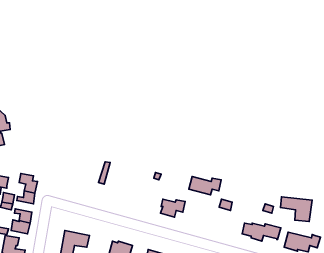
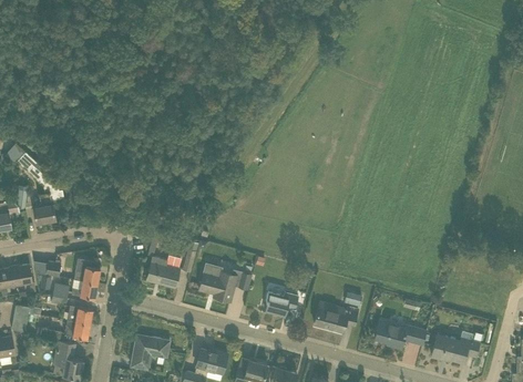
building: none -> [146,228,181,286]
building: [189,177,221,195] -> [314,307,357,331]
building: none -> [198,269,238,301]
building: [281,197,312,222] -> none

